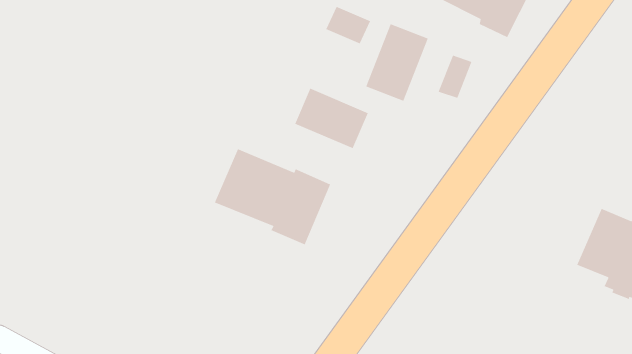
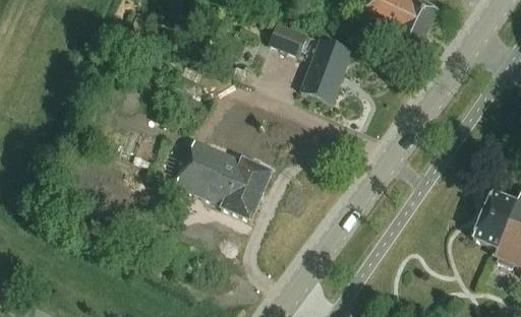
building: [438,55,472,99] -> none
building: [294,88,369,149] -> none

